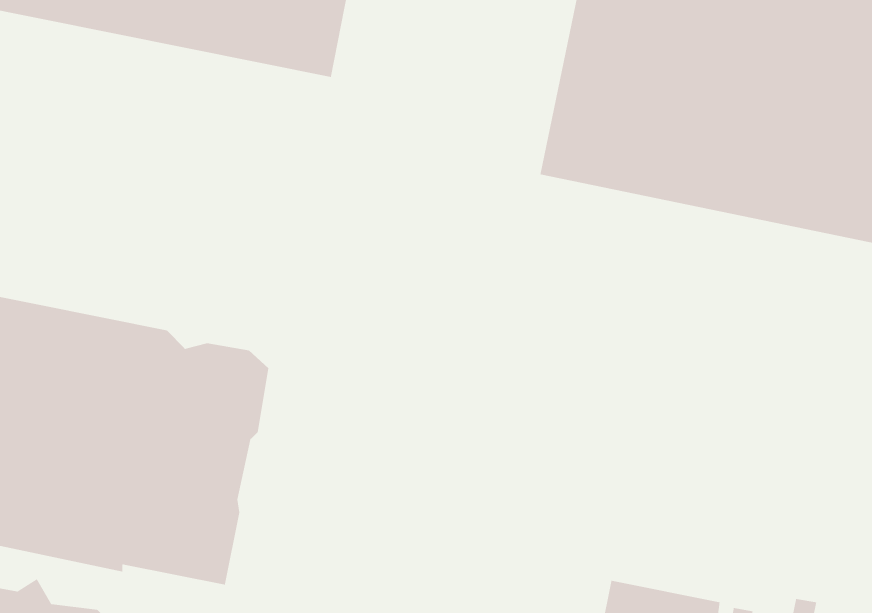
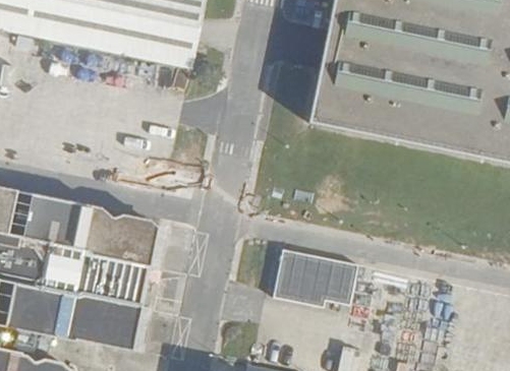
building: none -> [269,247,354,303]

